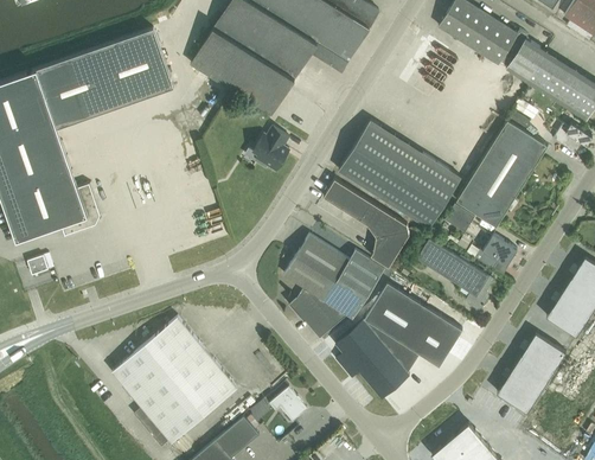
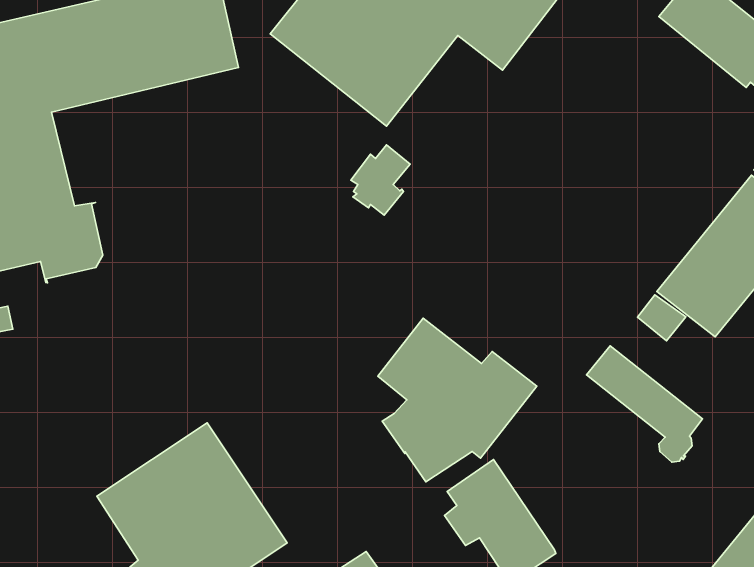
building: [338,121,461,228] -> none
building: [322,179,409,268] -> none
building: [467,235,517,270] -> none
building: [363,283,462,373] -> none

